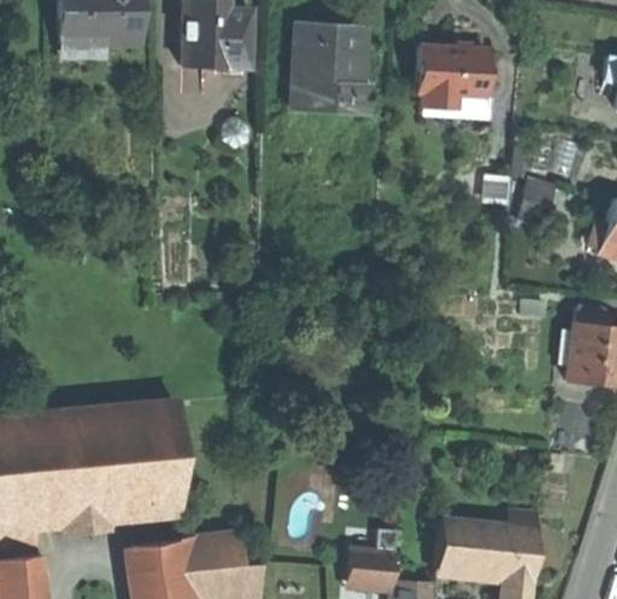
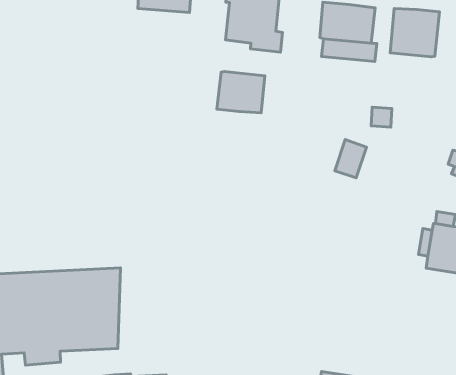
building: none -> [390,8,440,57]
building: none -> [217,72,265,113]
building: [516,177,554,225] -> [335,139,366,178]

